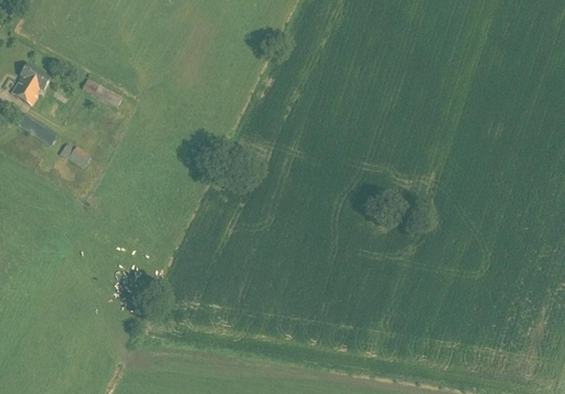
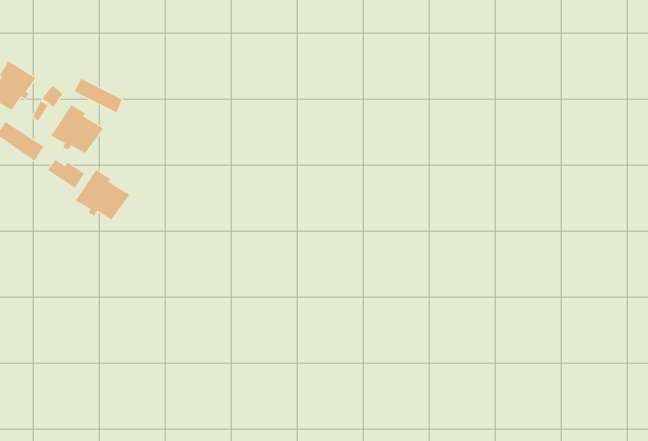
building: none -> [50,104,104,154]
building: none -> [75,169,130,220]

